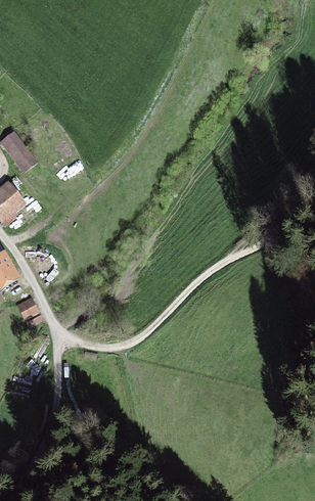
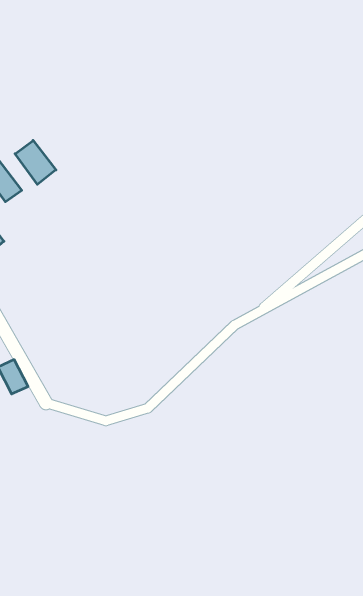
building: none -> [15,140,56,184]

